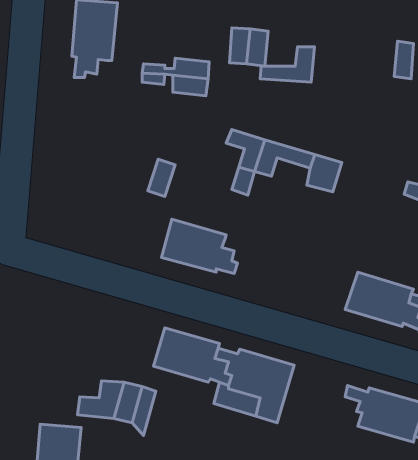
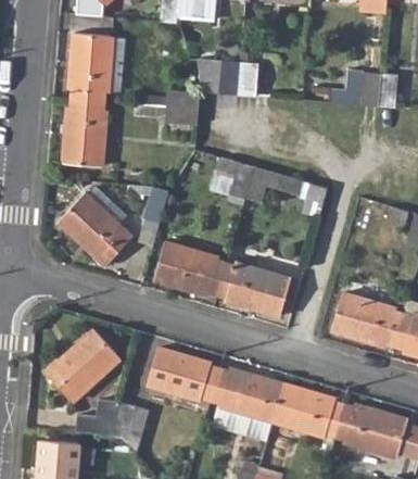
building: [260,47,314,82] -> [329,73,381,106]
building: none -> [63,90,106,166]
building: none -> [59,193,132,265]
building: none -> [213,262,289,316]
building: none -> [45,330,119,403]
building: none -> [271,383,347,439]

